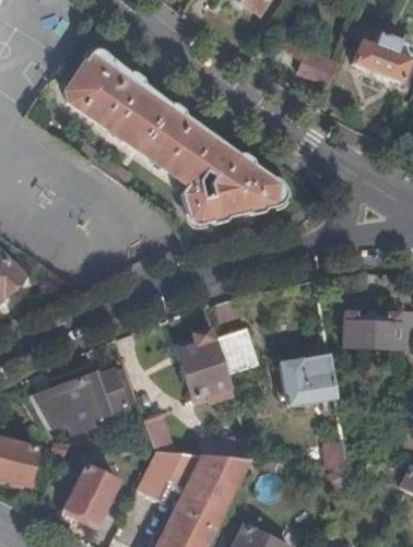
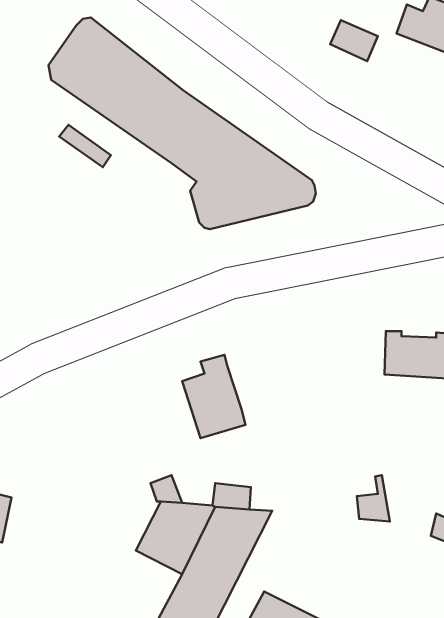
building: [214,326,257,373] -> none
building: [282,354,337,405] -> none
building: [32,365,138,432] -> none
building: [66,465,118,521] -> none

